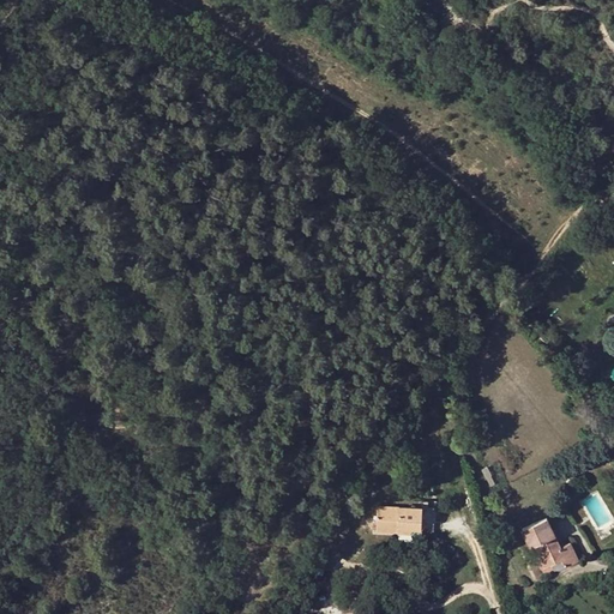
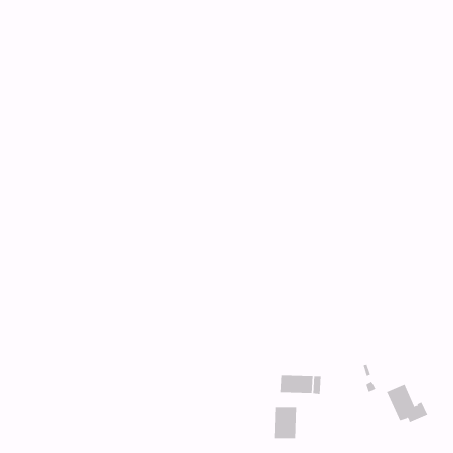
building: none -> [274,407,297,439]

